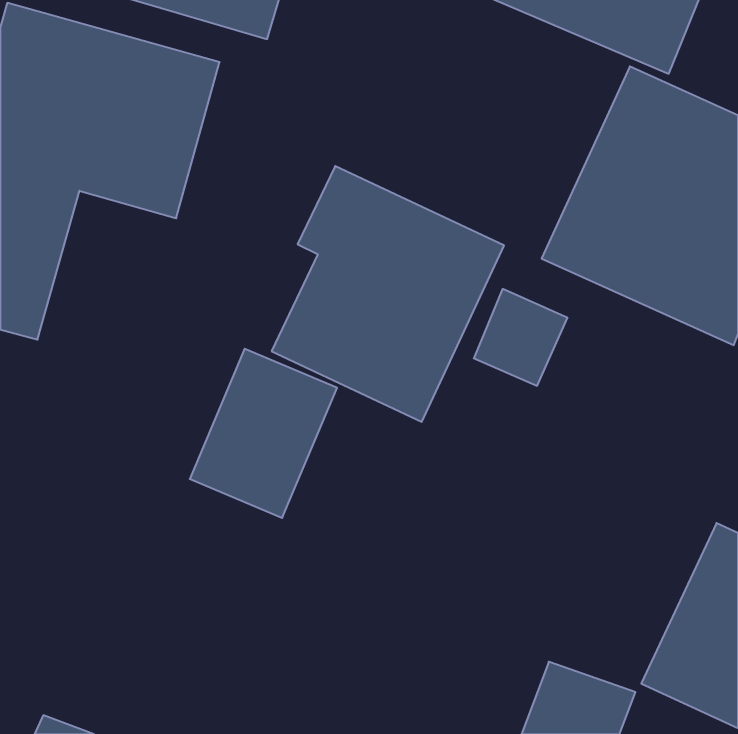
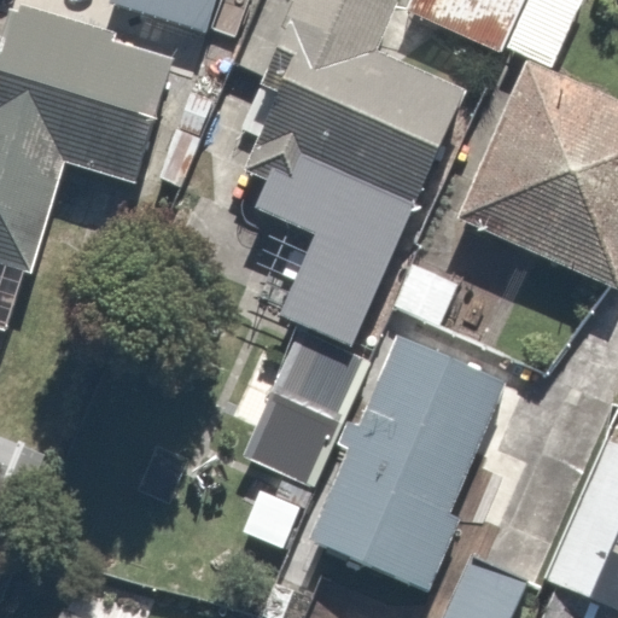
building: none -> [280,33,472,199]
building: [190,349,337,518] -> [243,336,366,477]
building: none -> [307,339,517,585]

